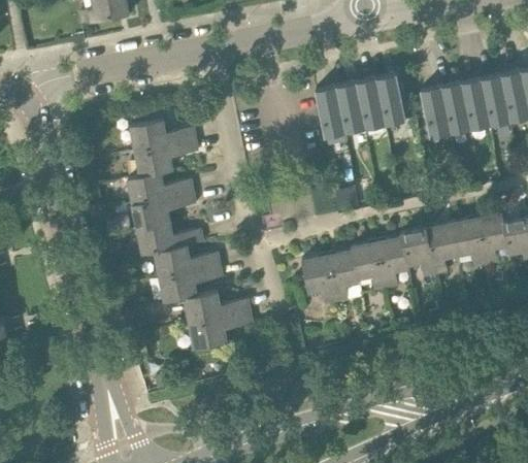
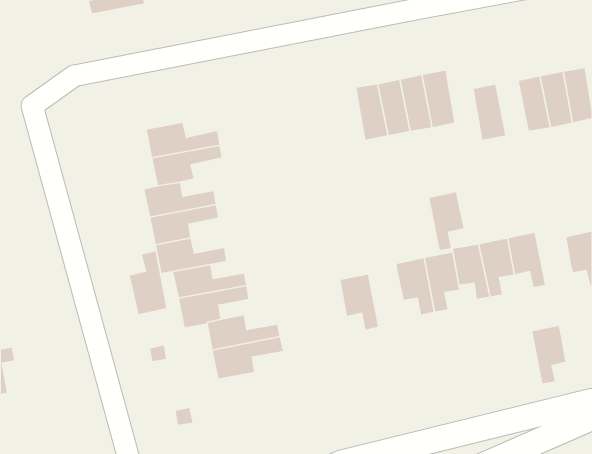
building: [441,82,470,132] -> none
building: [476,212,507,265] -> [531,325,566,384]
building: none -> [129,250,167,315]
building: [328,250,360,302] -> [429,192,465,251]

